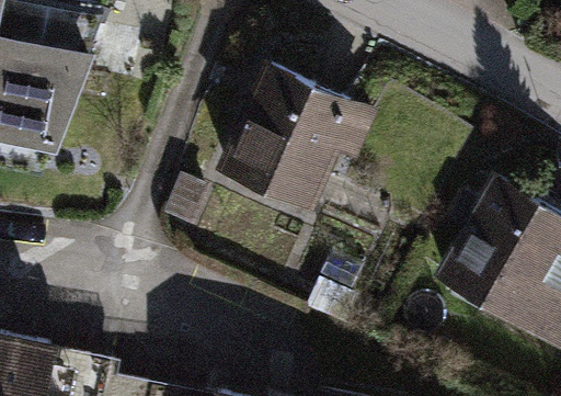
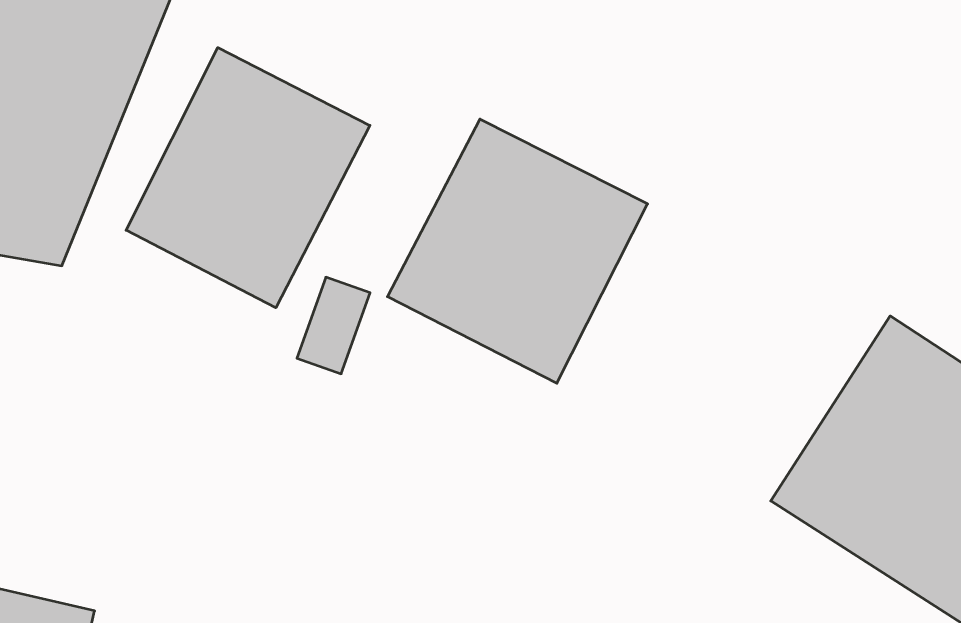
building: none -> [126,48,370,308]

